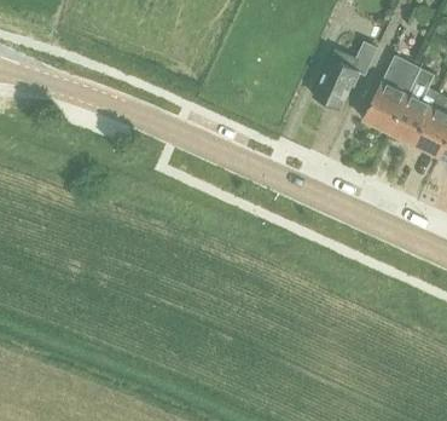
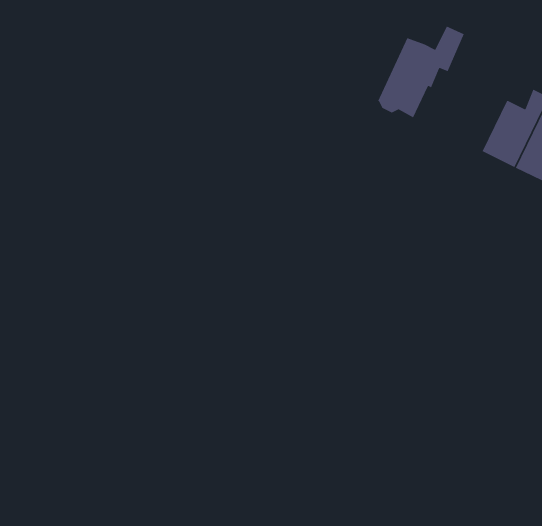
building: [365,54,423,132] -> none

